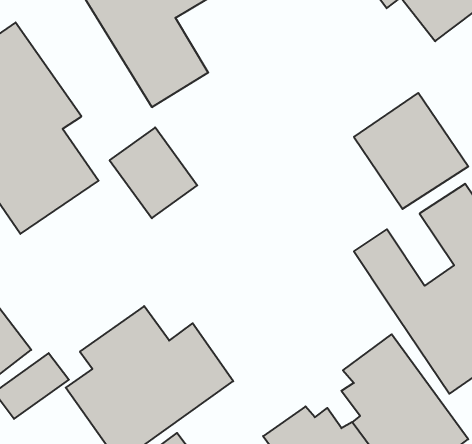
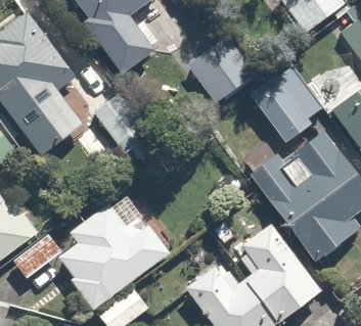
building: none -> [185,37,255,105]

